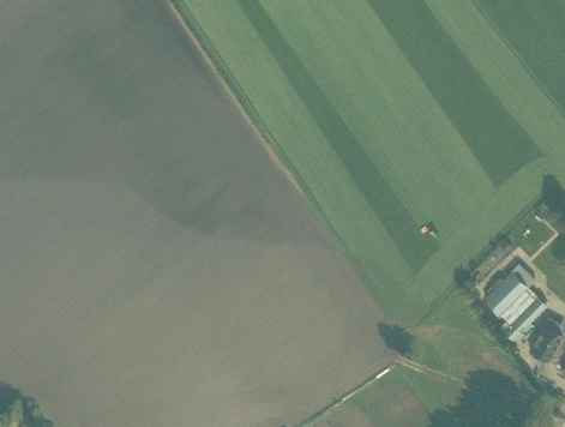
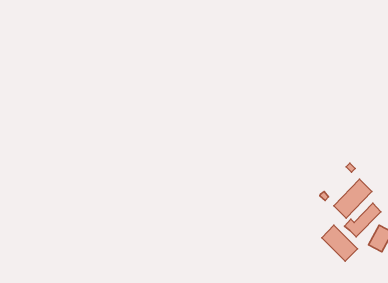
building: none -> [322,225,357,261]

